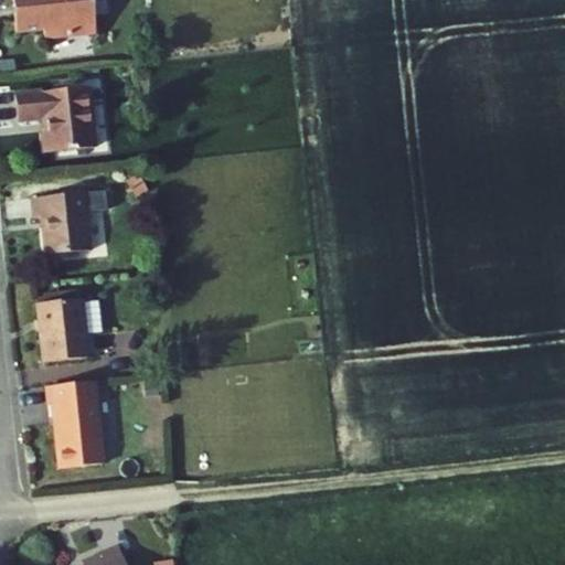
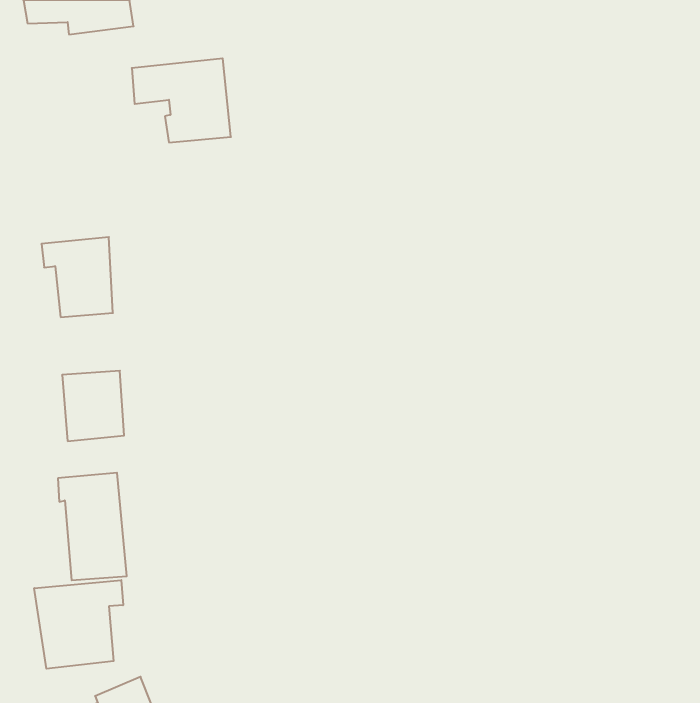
building: [17,84,96,151] -> [132,58,231,142]
building: none -> [34,580,123,669]

